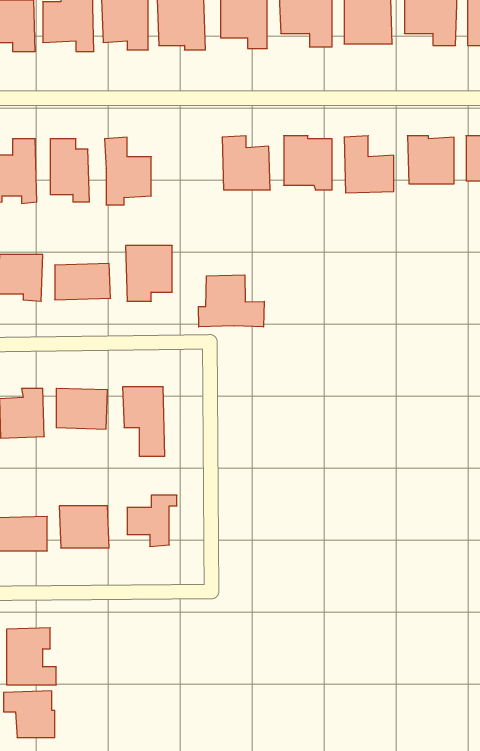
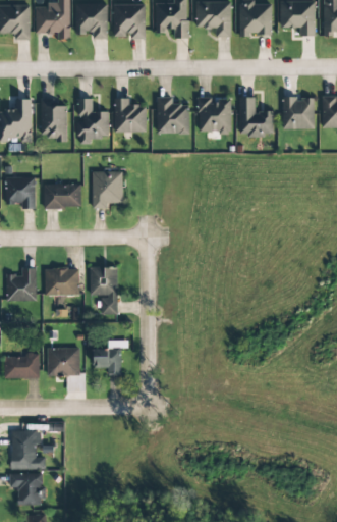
building: none -> [115,98,148,133]
building: [198,275,264,327] -> none

